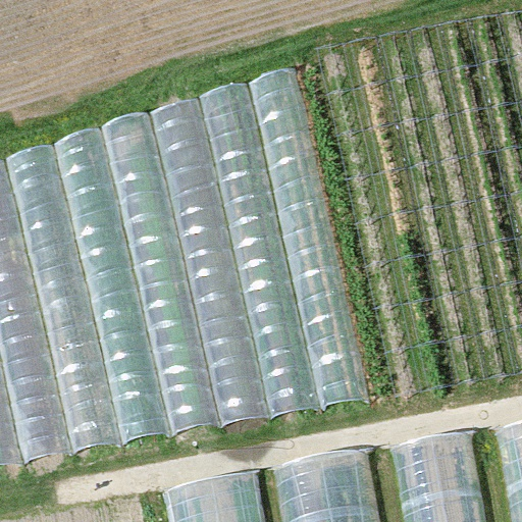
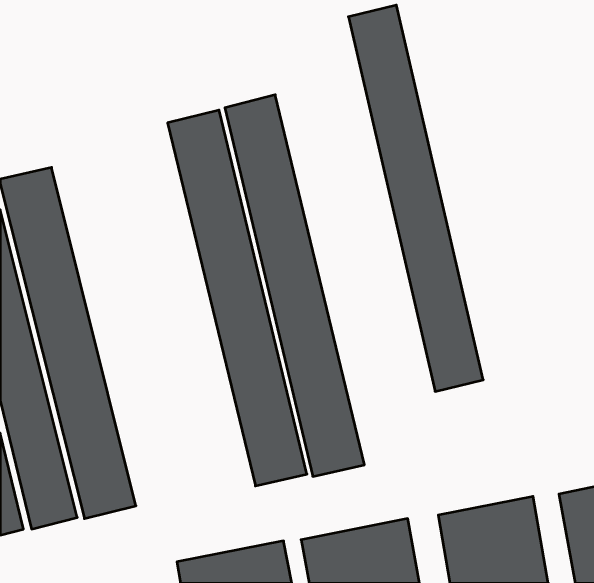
building: [250,68,367,405] -> [348,5,483,391]
building: [101,112,221,431] -> none
building: [53,129,172,440] -> none

